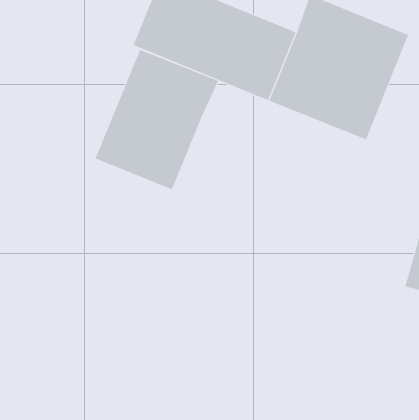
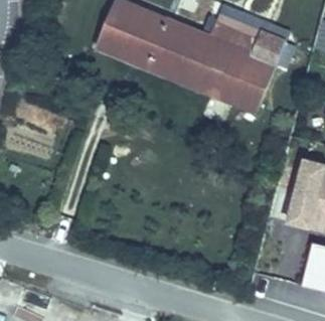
building: [95,49,219,190] -> none

